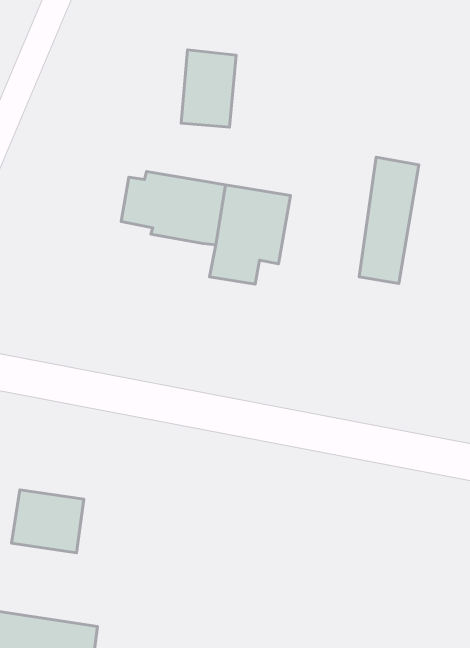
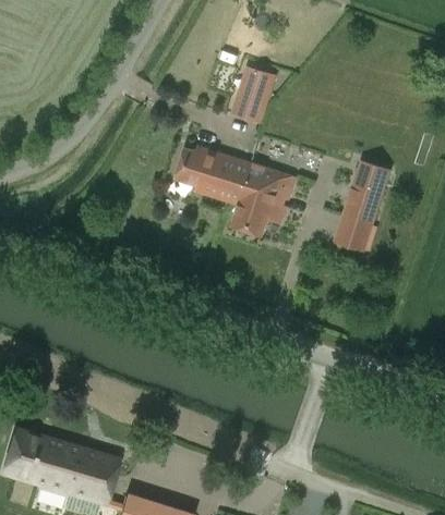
building: [11,490,84,553] -> none

